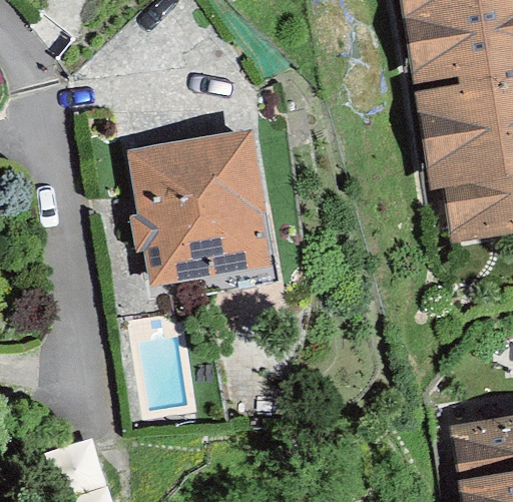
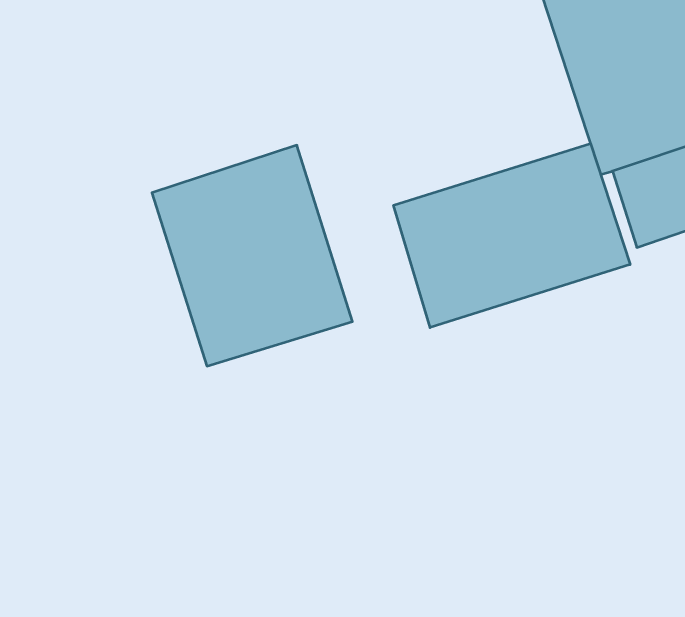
building: none -> [394,144,630,328]

